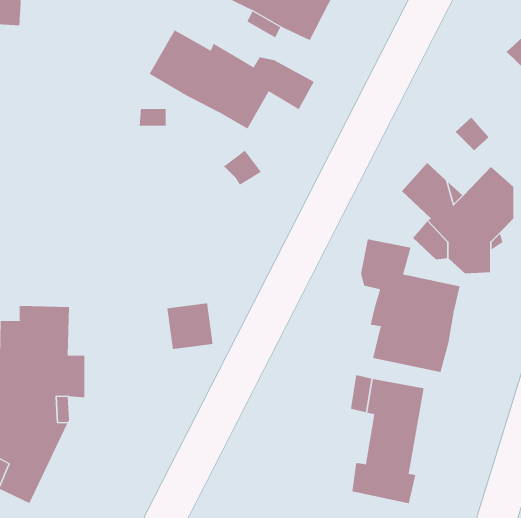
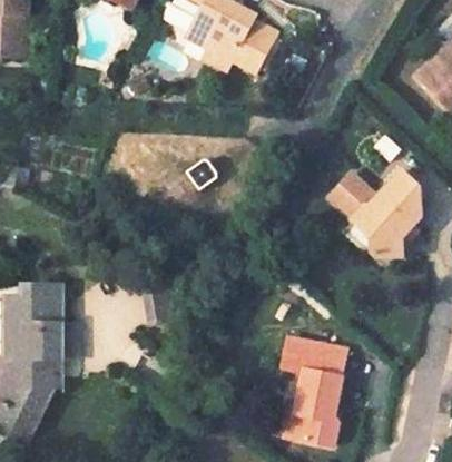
building: [149,29,314,129] -> none
building: [360,239,460,373] -> none

